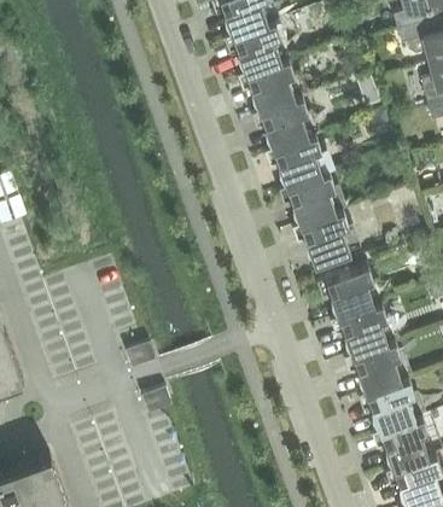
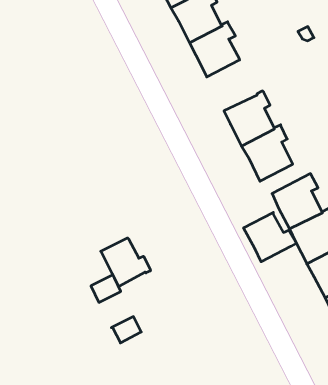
building: [272,130,321,185] -> none
building: none -> [244,212,296,262]
building: none -> [101,238,150,286]

